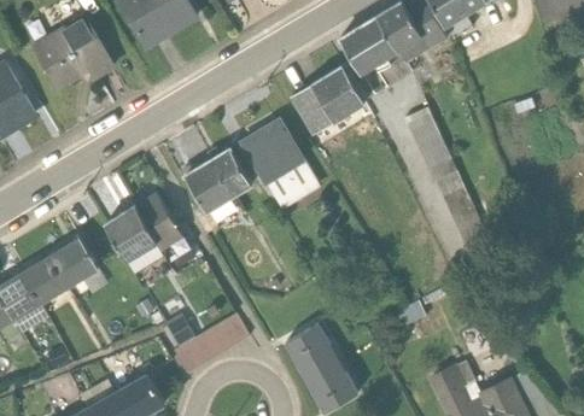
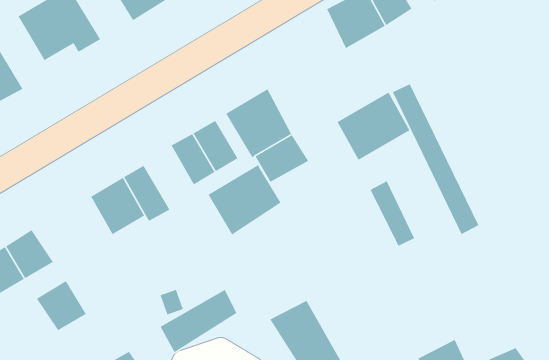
building: [290,70,363,139] -> [336,92,411,161]
building: none -> [208,164,282,235]
building: none -> [370,180,415,247]
building: [47,238,98,288] -> [36,280,87,331]

